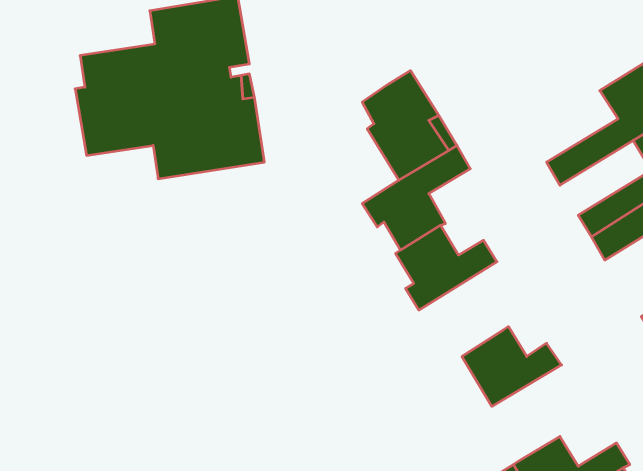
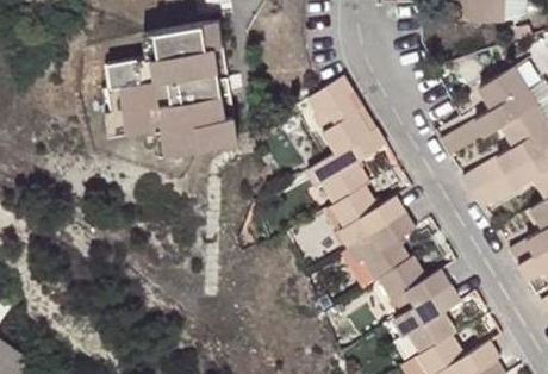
building: none -> [349,212,415,281]
building: none -> [393,286,461,355]

